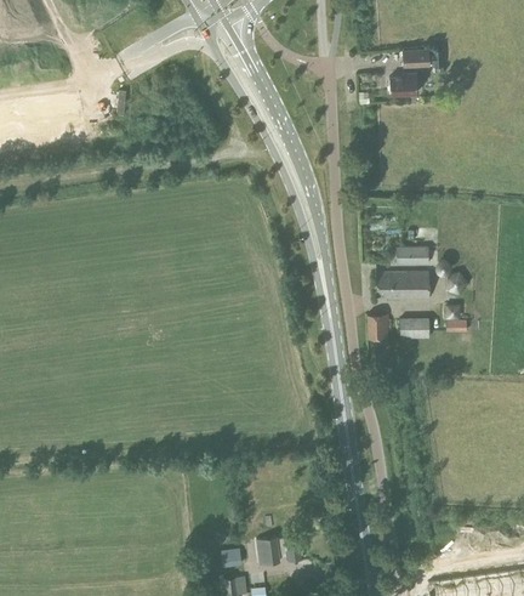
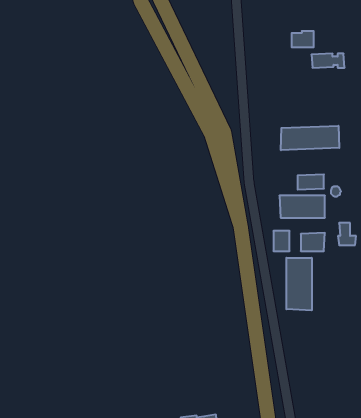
building: [404,50,444,67] -> [311,54,345,68]
building: none -> [281,126,339,150]
building: none -> [286,258,312,310]

